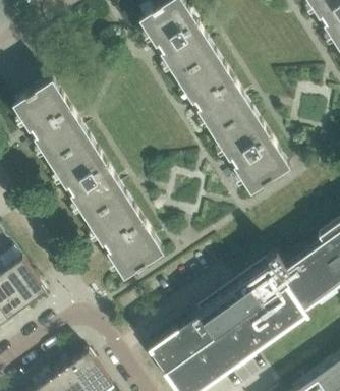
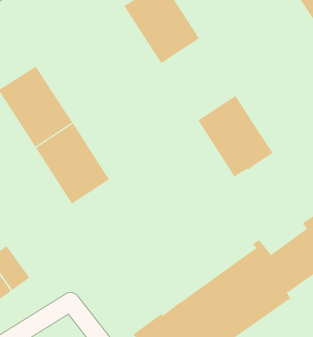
building: [176,52,251,134] -> none
building: [87,193,162,277] -> none

